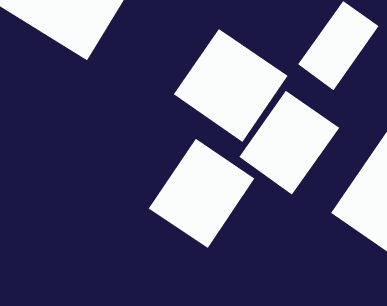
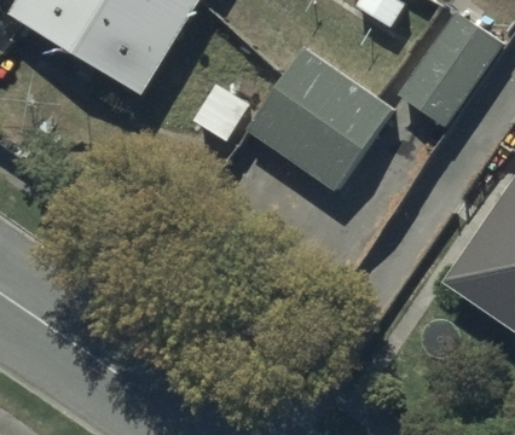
building: [238,90,340,195] -> none
building: [148,138,255,249] -> none

